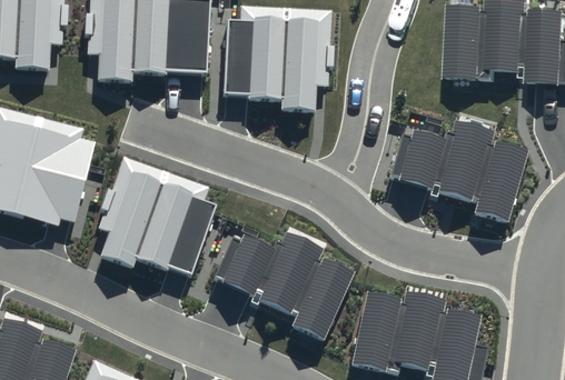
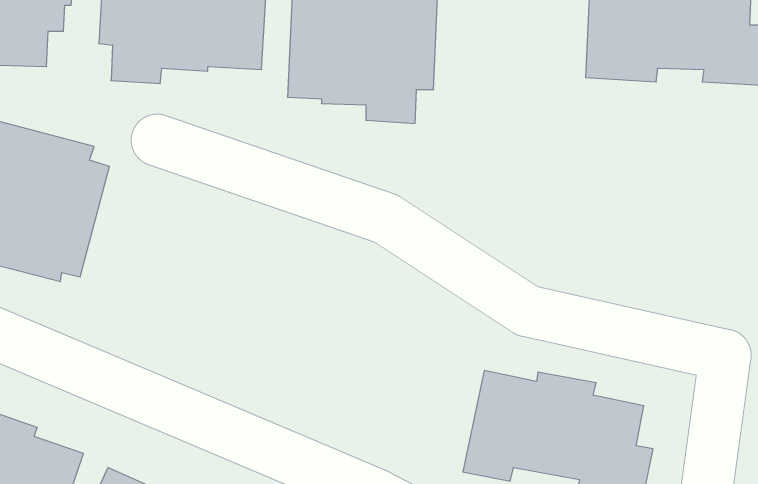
building: [389,122,527,222] -> none
building: [98,158,215,274] -> none
building: [212,233,355,340] -> none

